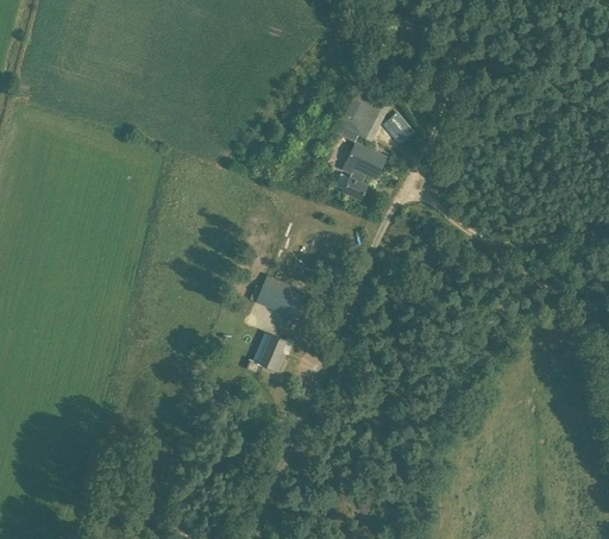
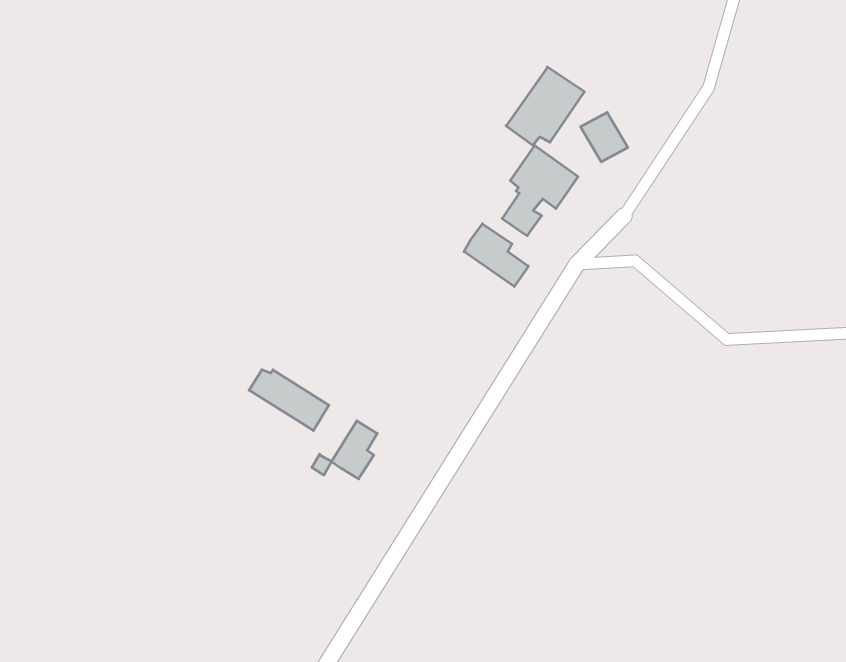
building: none -> [464,224,528,287]
building: [250,283,302,318] -> [249,370,329,431]

